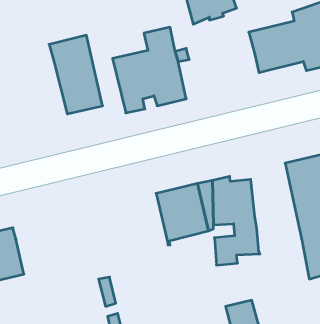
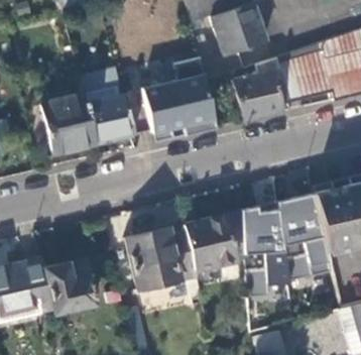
building: none -> [234,56,284,121]
building: none -> [42,92,97,153]
building: none -> [279,193,332,281]
building: none -> [126,223,204,300]
building: none -> [45,258,97,313]

